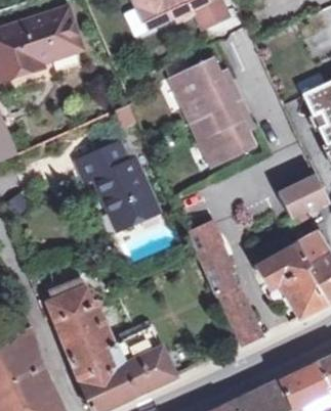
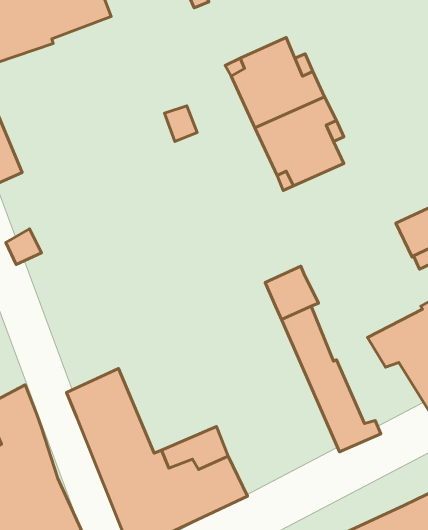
building: [79,140,158,226] -> none

